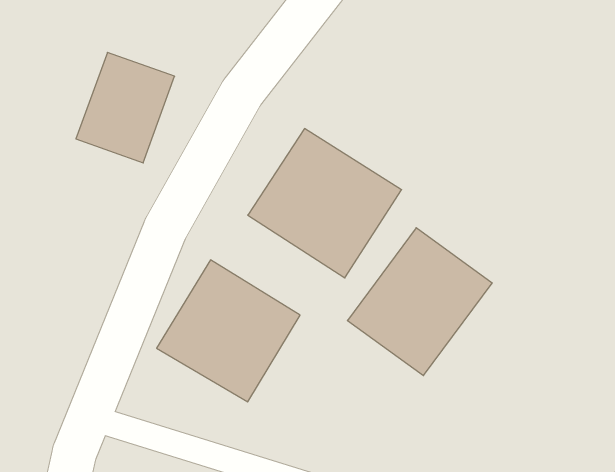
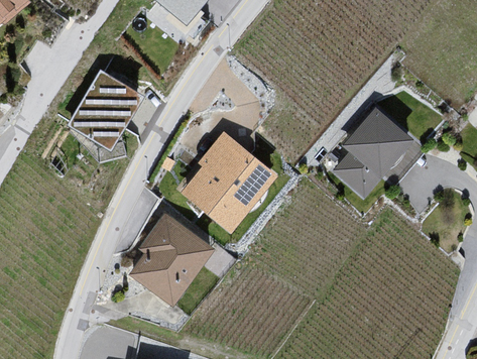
building: [347,228,492,376] -> [323,106,421,206]

